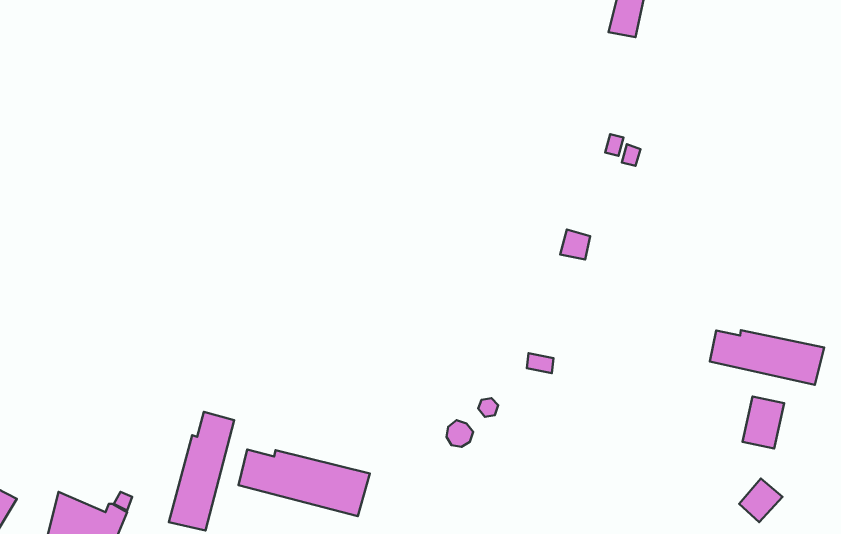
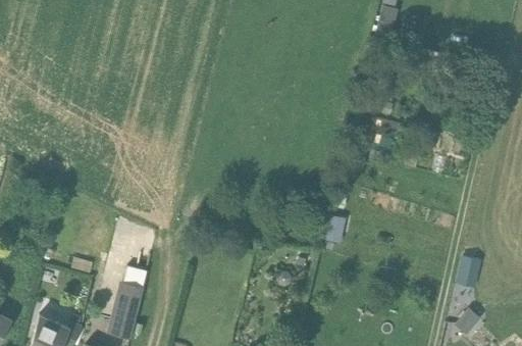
building: [710,330,824,385] -> none
building: [238,450,370,516] -> none

